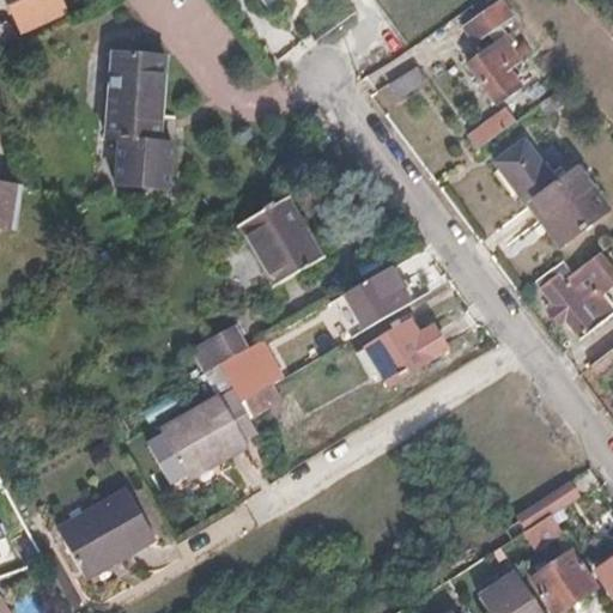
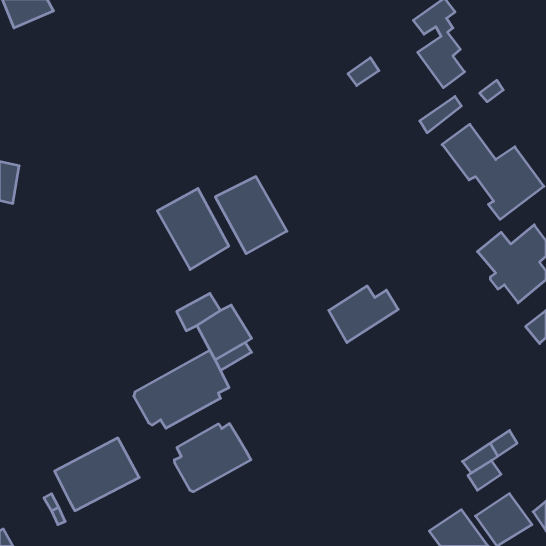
building: [108,54,172,189] -> none
building: none -> [157,188,229,270]
building: [332,266,411,336] -> none
building: none -> [174,424,251,492]

